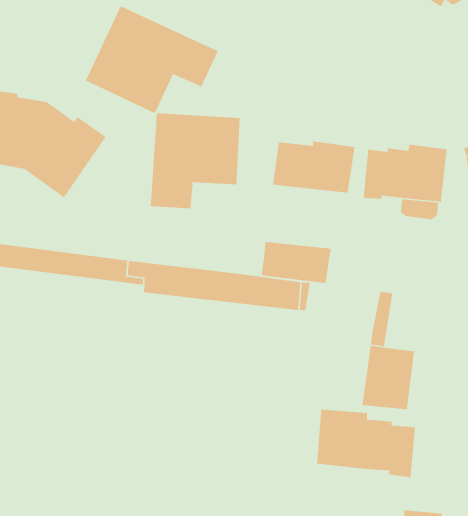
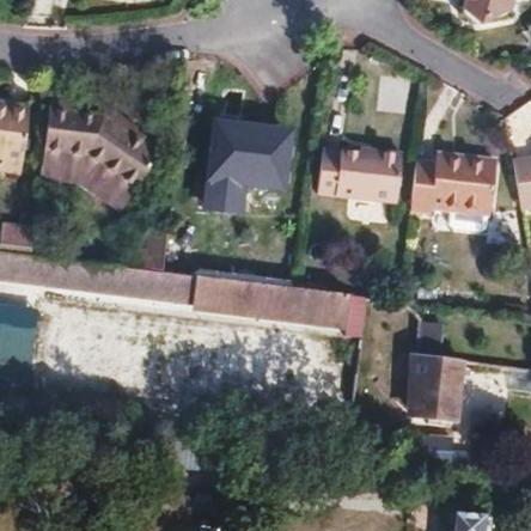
building: [85,5,219,114] -> none
building: [261,241,332,284] -> none
building: [316,409,416,478] -> none

